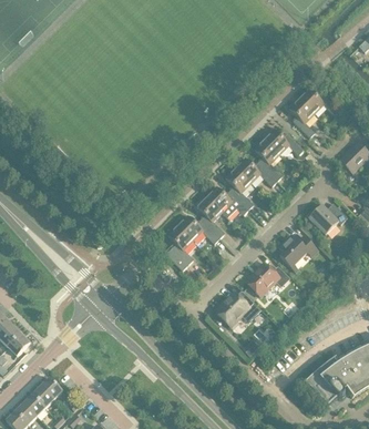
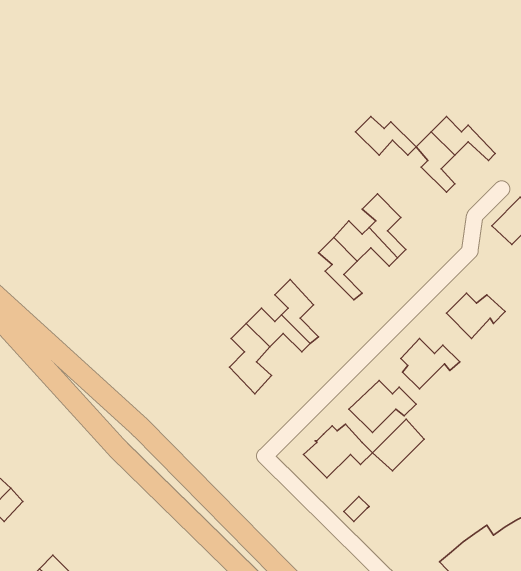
building: [264,129,304,154] -> [356,117,416,155]
building: [206,185,248,217] -> none
building: none -> [372,419,424,471]

